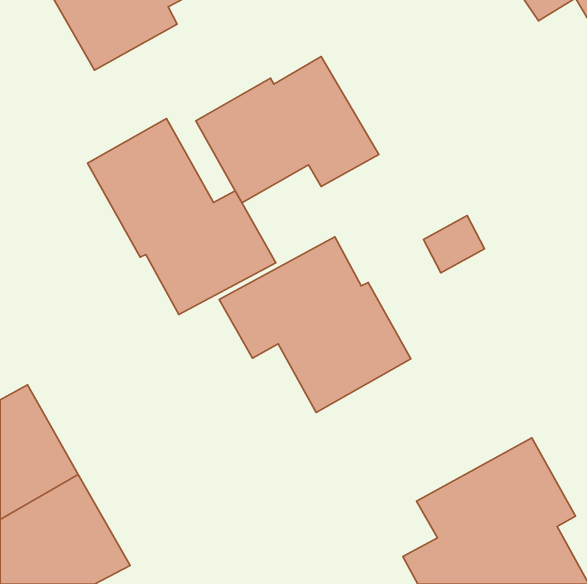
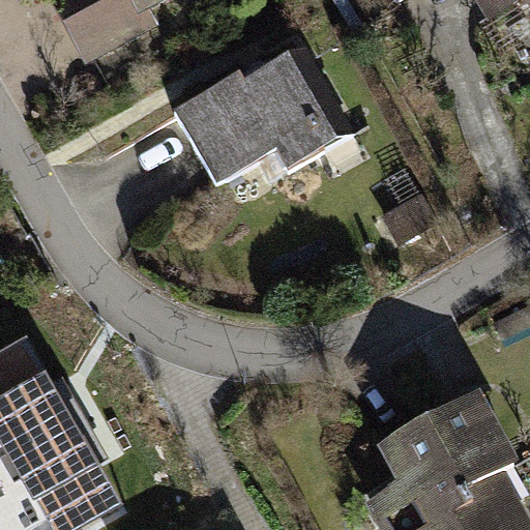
building: [88,119,276,314] -> none
building: [219,237,411,412] -> none

